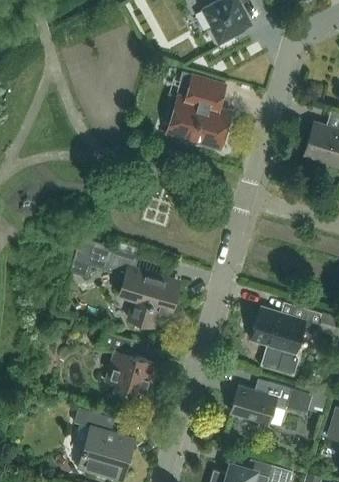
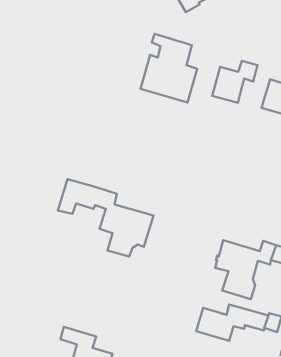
building: none -> [212,61,258,103]
building: [99,332,156,398] -> none

